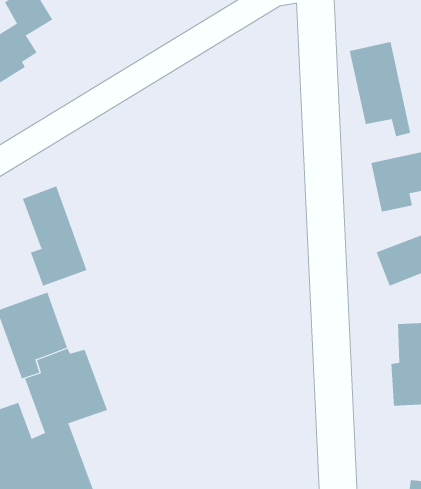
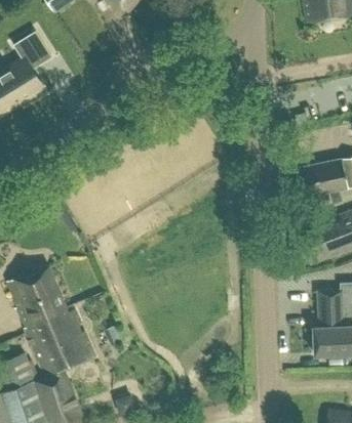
building: [349,41,411,137] -> none
building: [22,186,87,287] -> none

